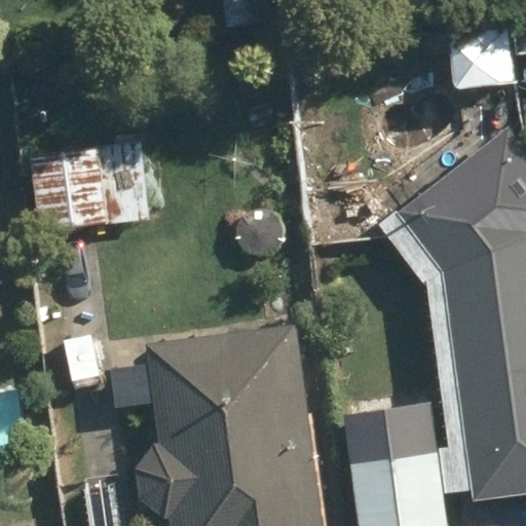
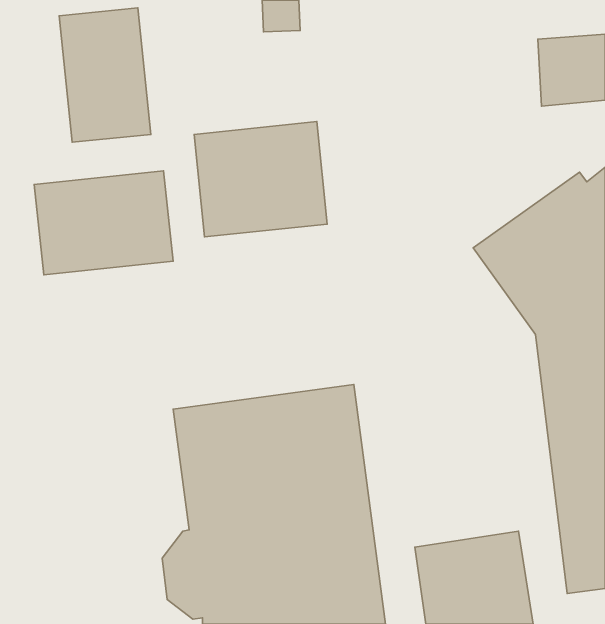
building: none -> [59,8,151,142]
building: none -> [194,122,327,237]

